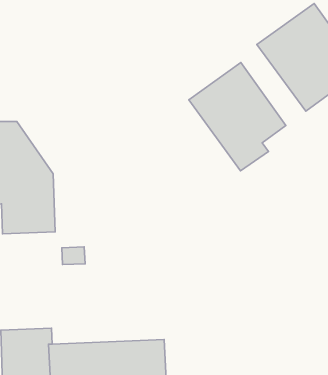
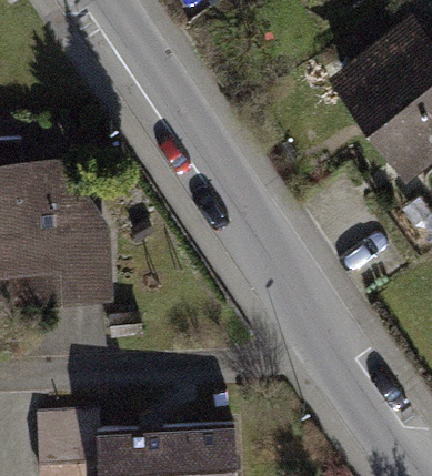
building: [189,62,286,171] -> none

